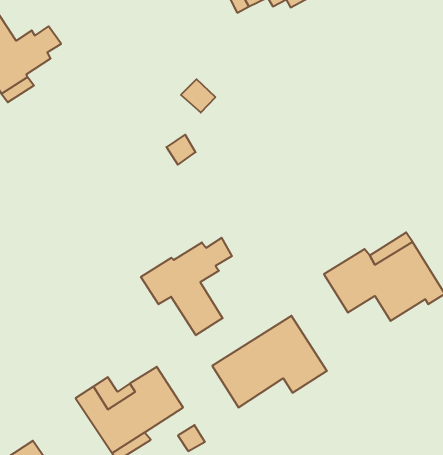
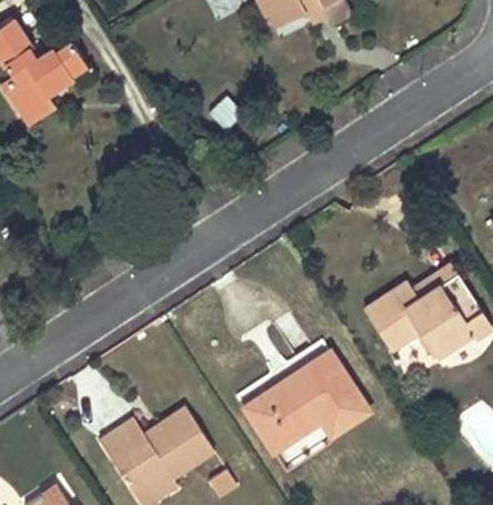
building: [141,238,232,335] -> none

